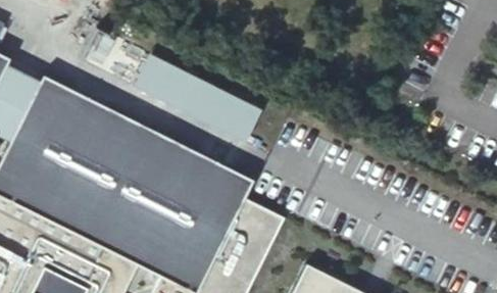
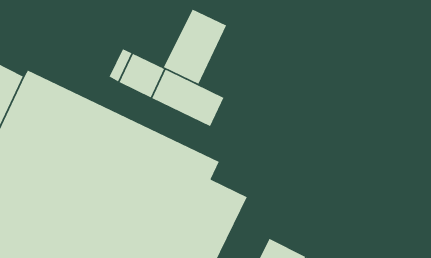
building: none -> [163,9,227,85]

